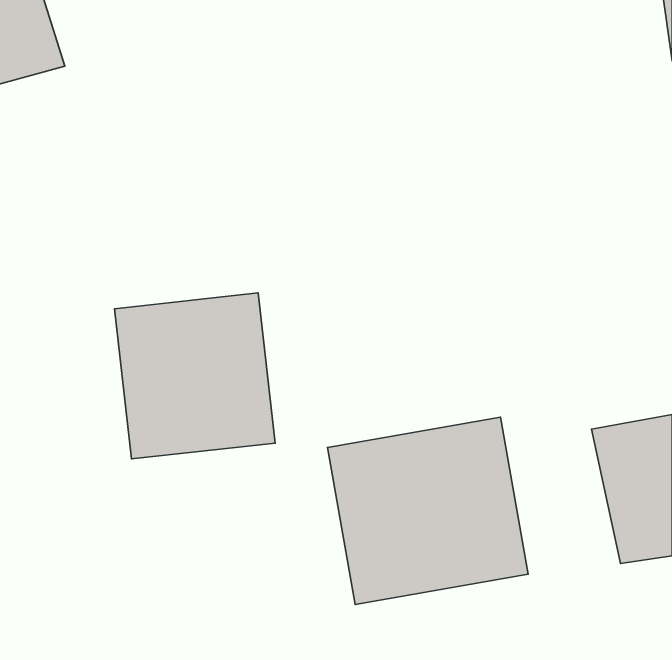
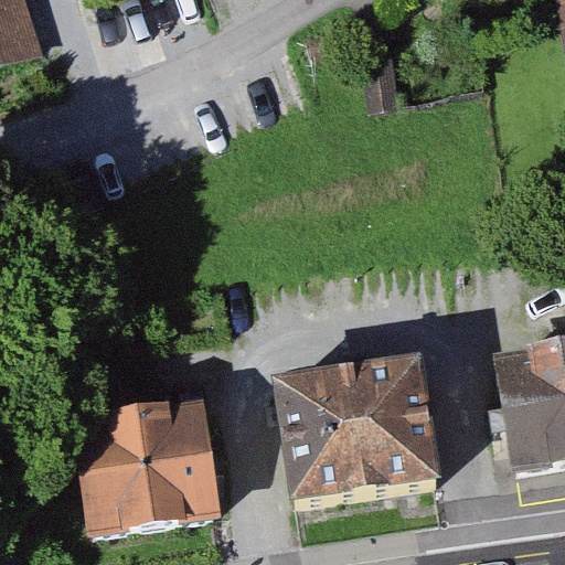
building: [115,293,275,459] -> none
building: none -> [77,397,214,530]

